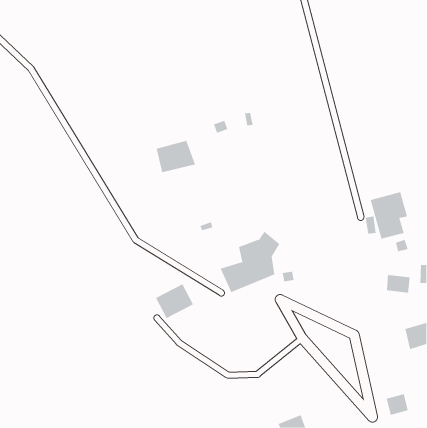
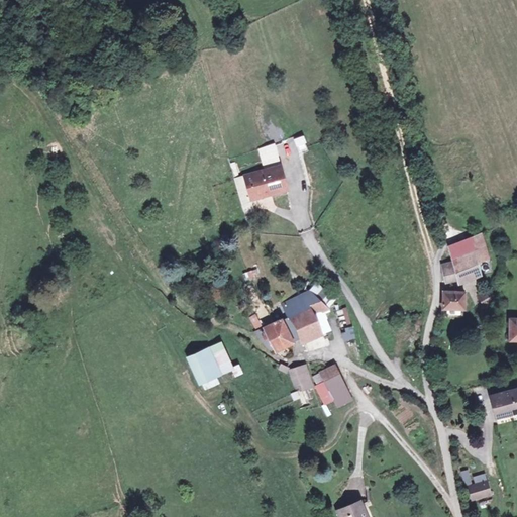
building: [156,140,196,173] -> [241,163,290,202]
building: [386,275,411,293] -> [438,290,468,312]
building: none -> [285,364,353,411]

